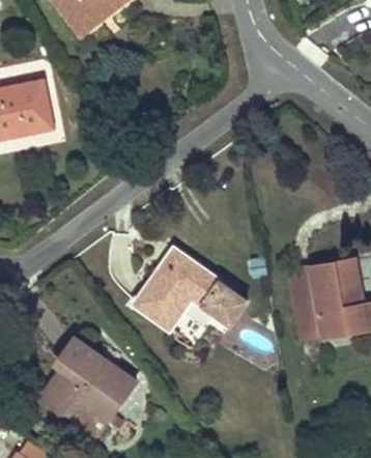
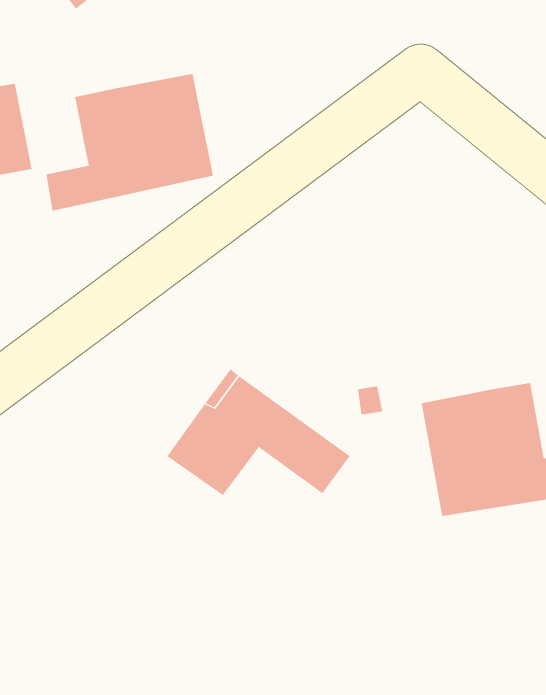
building: none -> [46,73,213,212]
building: [41,337,135,422] -> none

